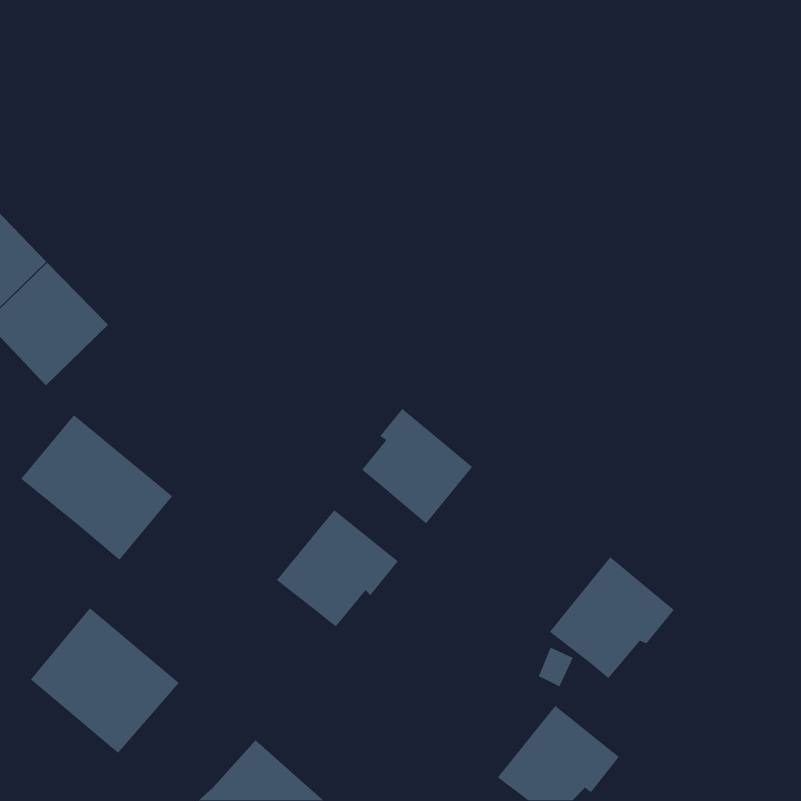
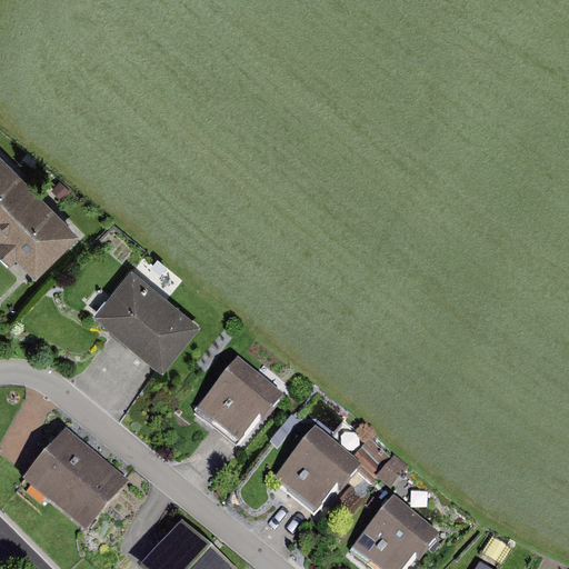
building: [361,408,473,525] -> none
building: [20,414,173,561] -> [91,266,199,369]
building: [549,556,675,679] -> [270,427,359,513]

